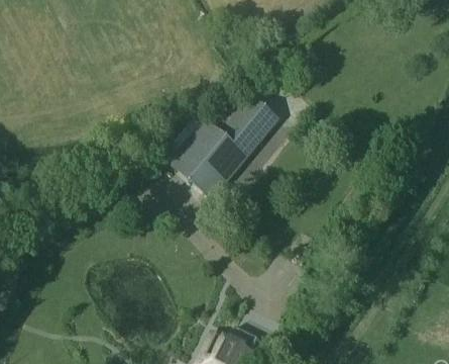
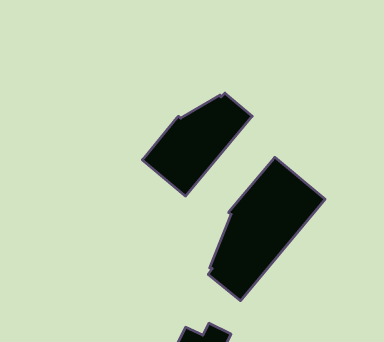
building: none -> [208,157,325,301]

